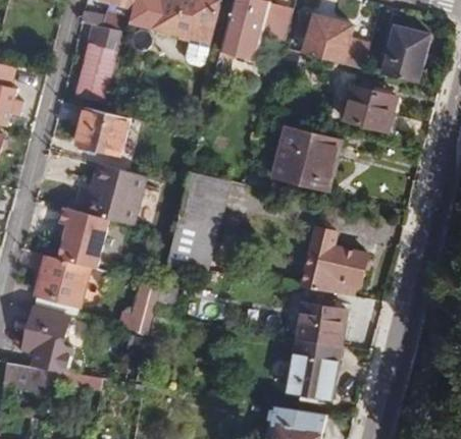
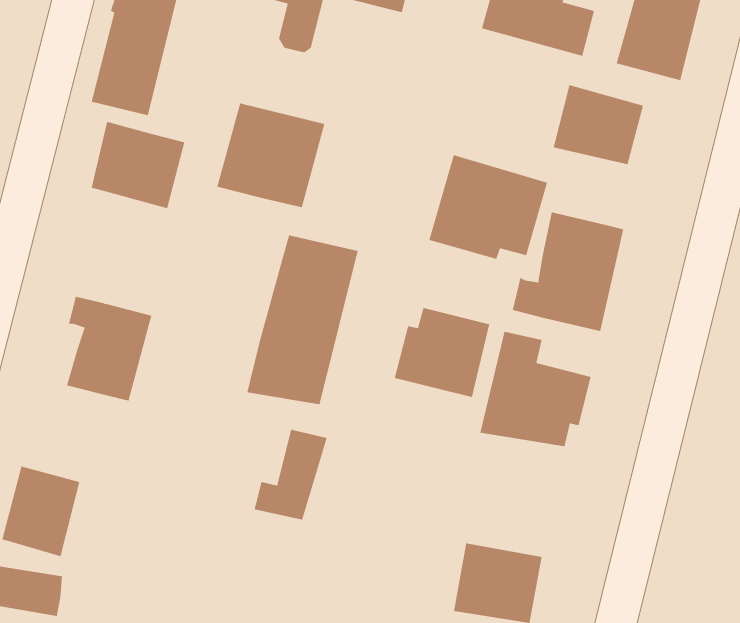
building: none -> [512,211,624,332]
building: [83,163,146,224] -> [217,103,325,208]
building: none -> [394,307,490,398]
building: [36,256,89,304] -> none
building: [116,279,159,332] -> [254,429,327,520]
building: [296,303,347,345] -> none

